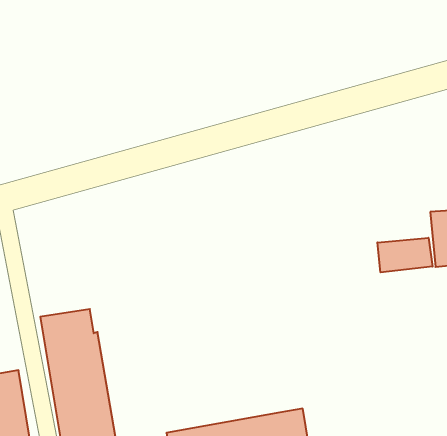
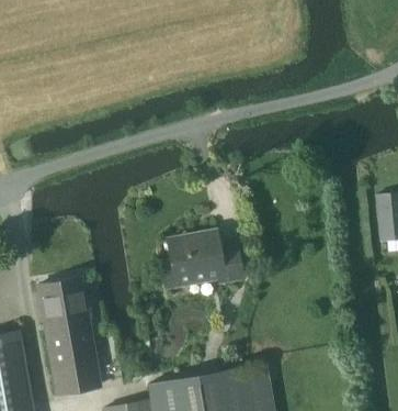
building: [377,238,433,272] -> none
building: none -> [160,231,242,290]

